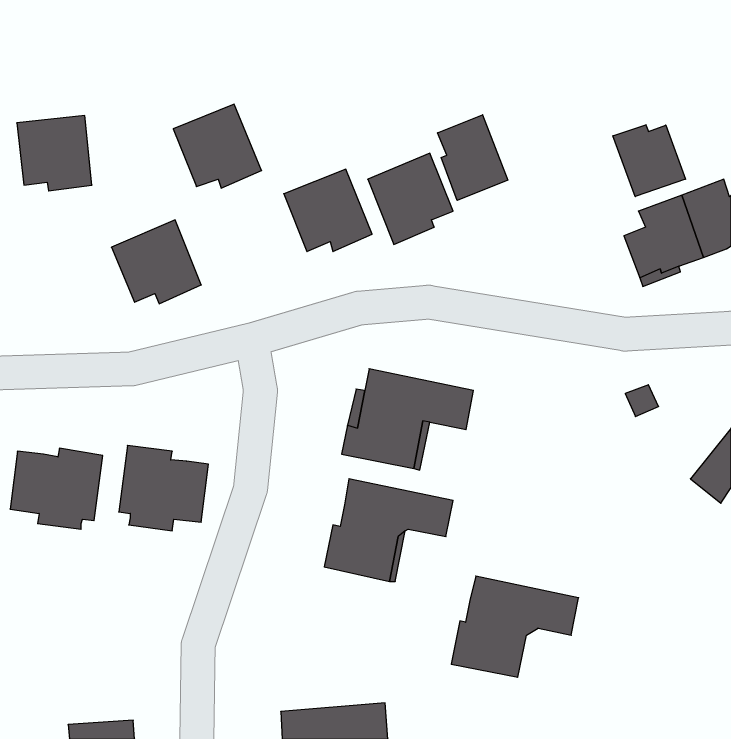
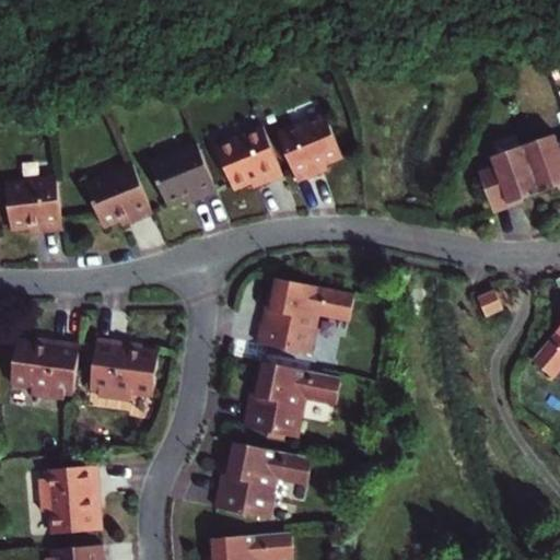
building: [173,104,262,188] -> [150,145,217,209]
building: [438,115,508,200] -> none
building: [17,116,92,191] -> [4,178,61,235]
building: [613,125,686,197] -> none
building: [451,576,579,677] -> [214,442,311,518]
building: none -> [38,465,100,533]

